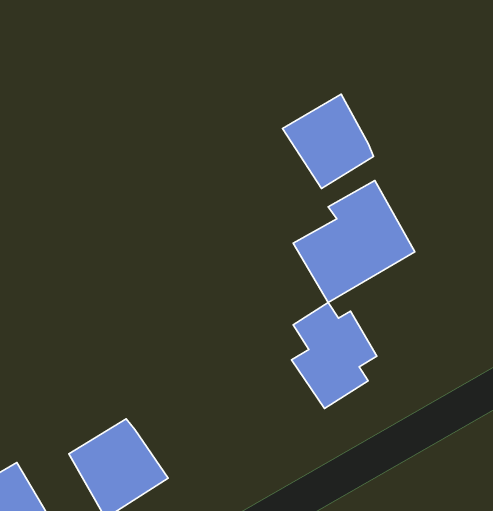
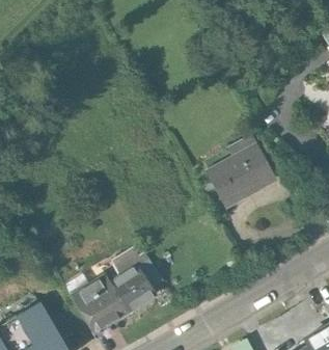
building: [283,94,374,188] -> none
building: [291,302,377,409] -> [110,248,161,312]

